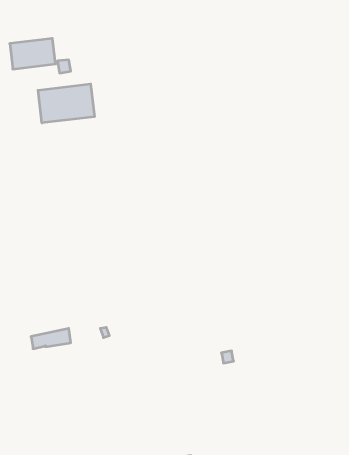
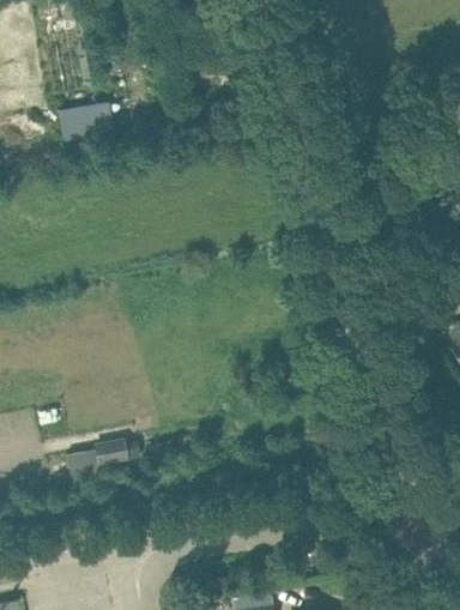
building: [38,84,94,123] -> none

